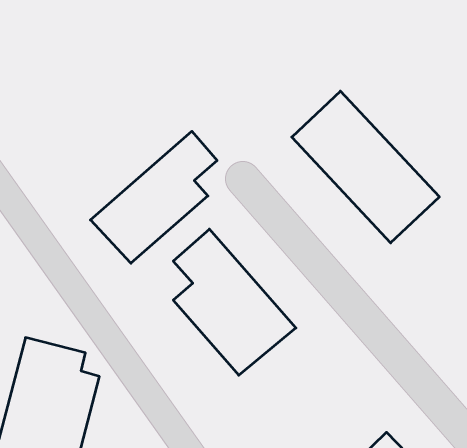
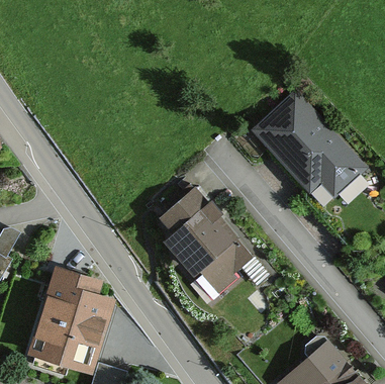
building: [90,131,217,263] -> none

